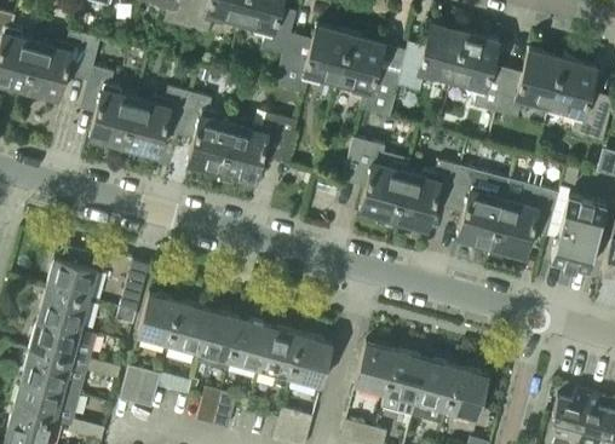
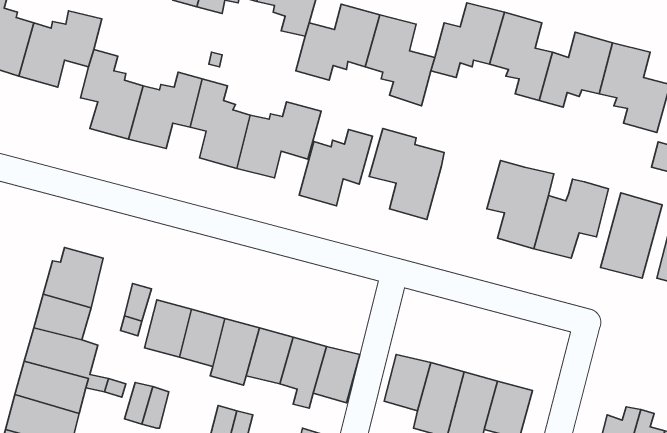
building: [393,161,460,230] -> [299,129,373,206]

